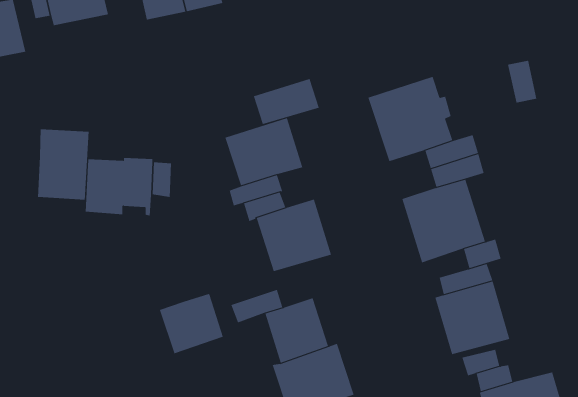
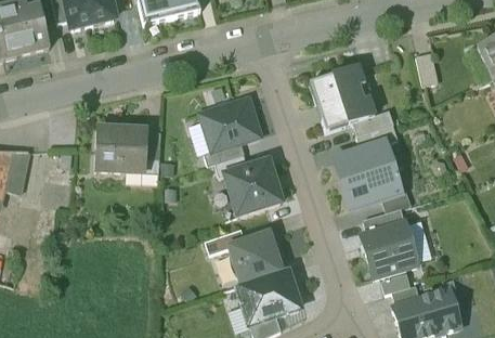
building: [253,78,319,125] -> none
building: [37,128,89,201] -> none
building: [159,293,223,354] -> none

